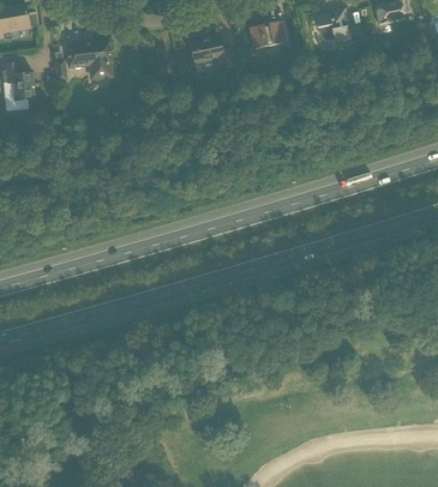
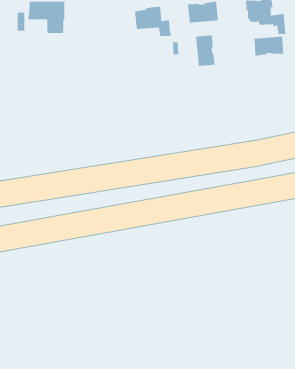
building: none -> [254,36,284,56]
building: none -> [196,35,215,67]

